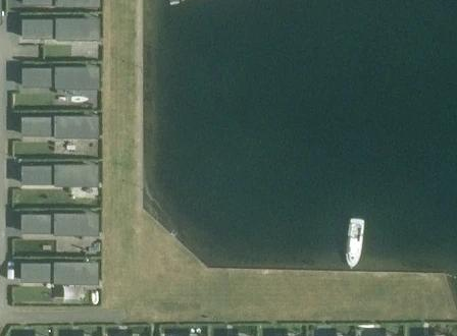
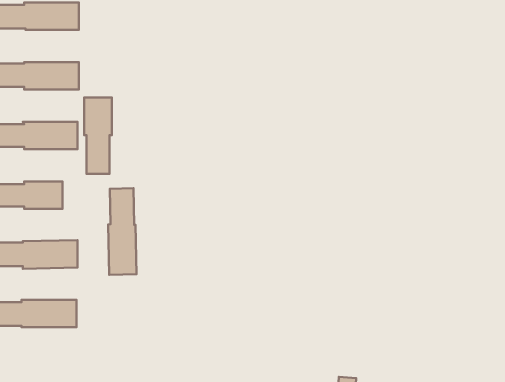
building: none -> [84,98,112,174]
building: none -> [108,188,137,275]

